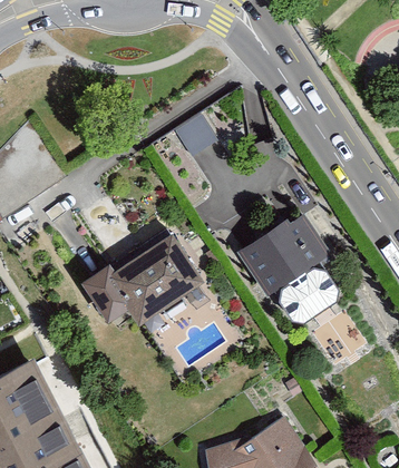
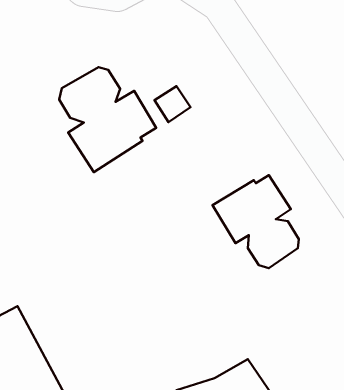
building: none -> [59,67,156,172]
building: [76,236,197,323] -> none

